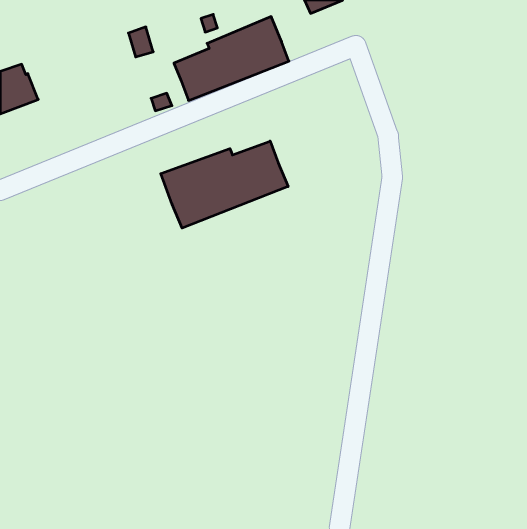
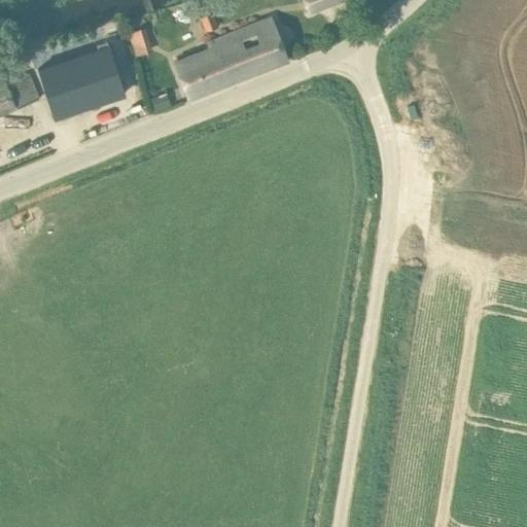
building: none -> [39,46,126,117]
building: [161,141,288,228] -> none

